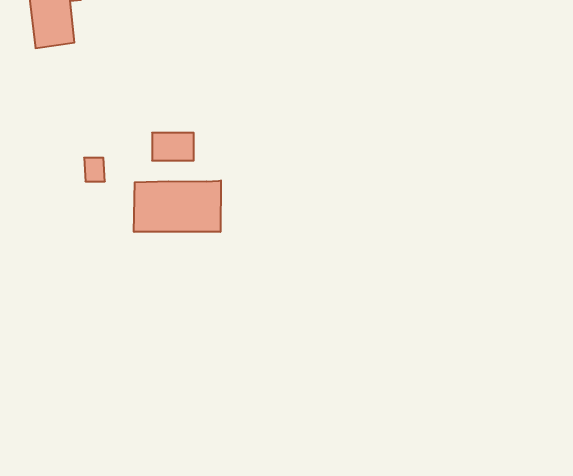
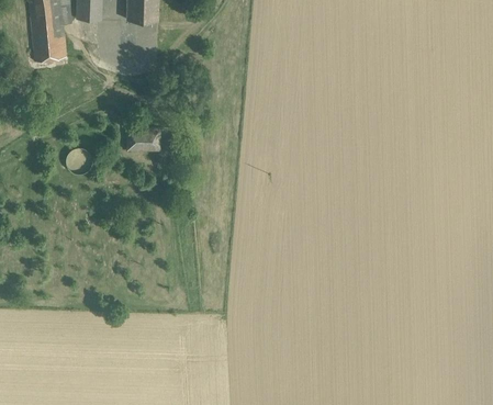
building: [134,180,221,232] -> none

